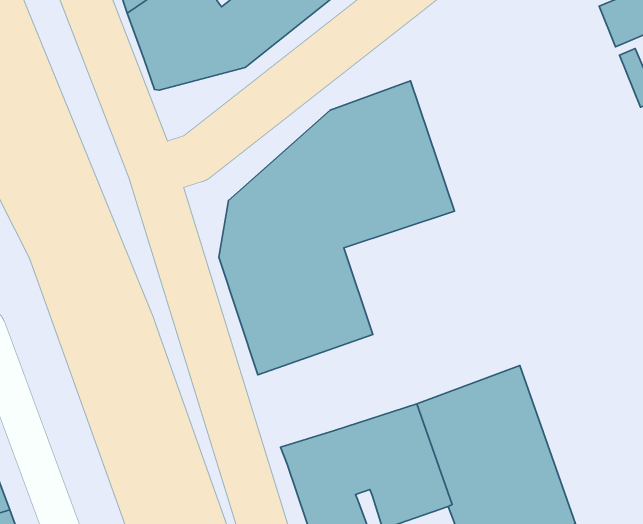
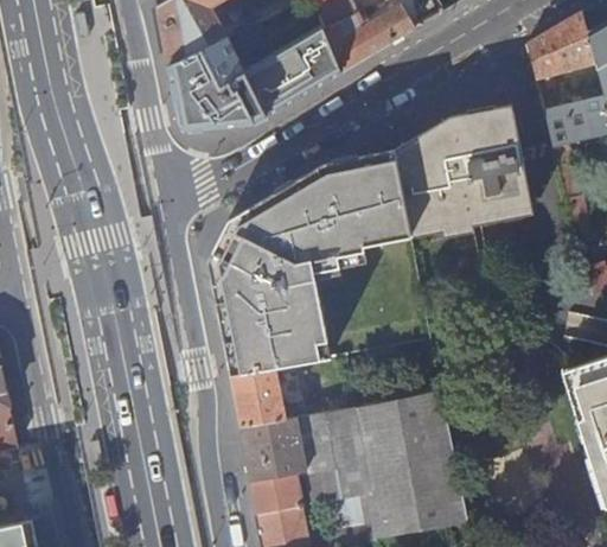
building: none -> [396,114,532,231]
building: none -> [230,368,286,428]

